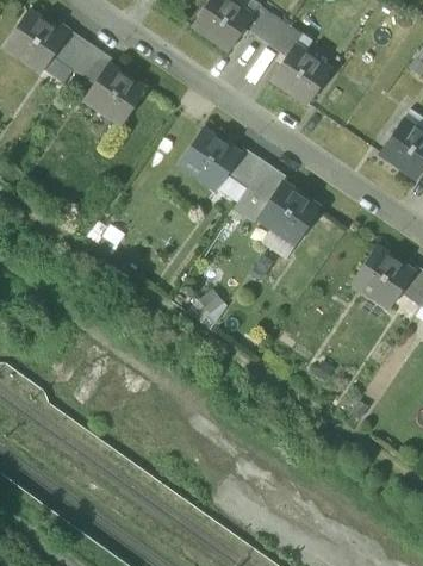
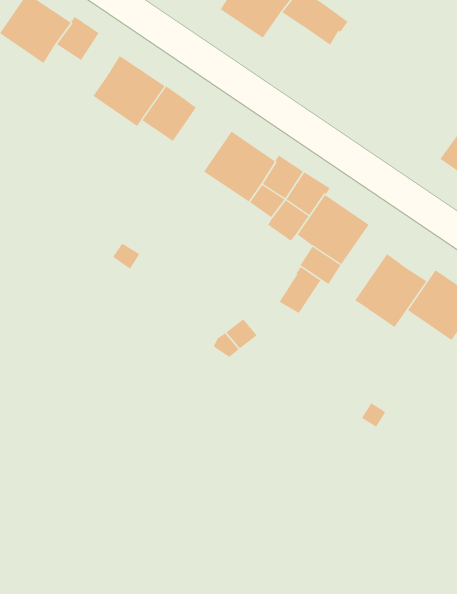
building: [270,44,331,104] -> none
building: [74,45,112,83] -> none
building: none -> [142,86,196,142]
building: none -> [355,253,427,328]
building: none -> [279,266,321,314]

